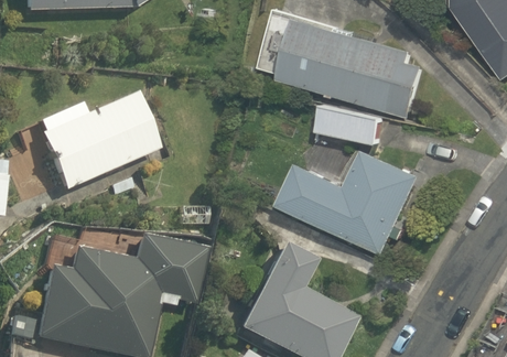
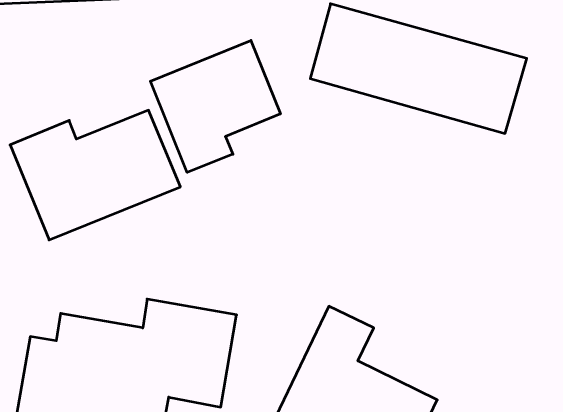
building: none -> [150,40,280,172]
building: [285,102,431,258] -> none

